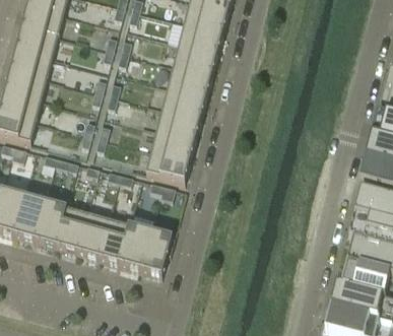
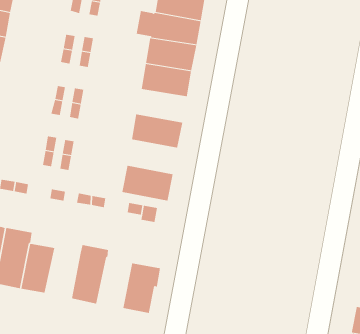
building: [161,87,206,118] -> none
building: [151,129,195,160] -> none
building: [118,212,153,270] -> none
building: [75,215,107,259] -> none

